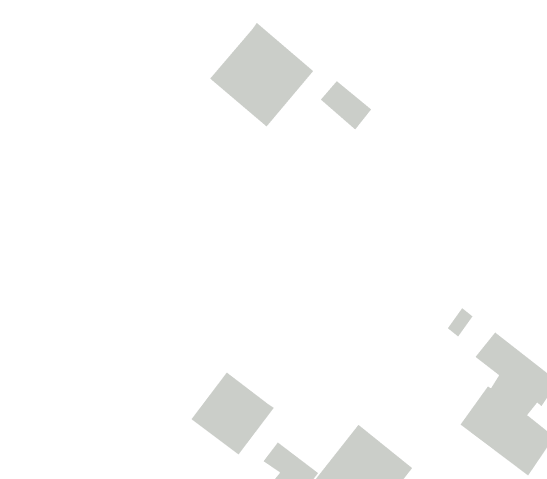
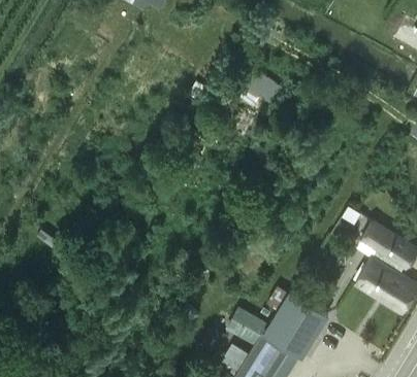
building: [209,22,314,128] -> none
building: [190,372,275,455] -> none

